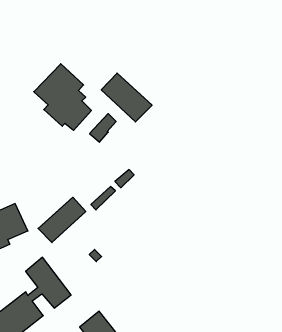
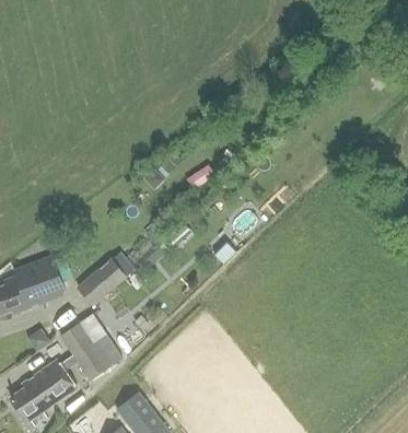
building: [34,64,91,130] -> none
building: [101,73,152,122] -> none

